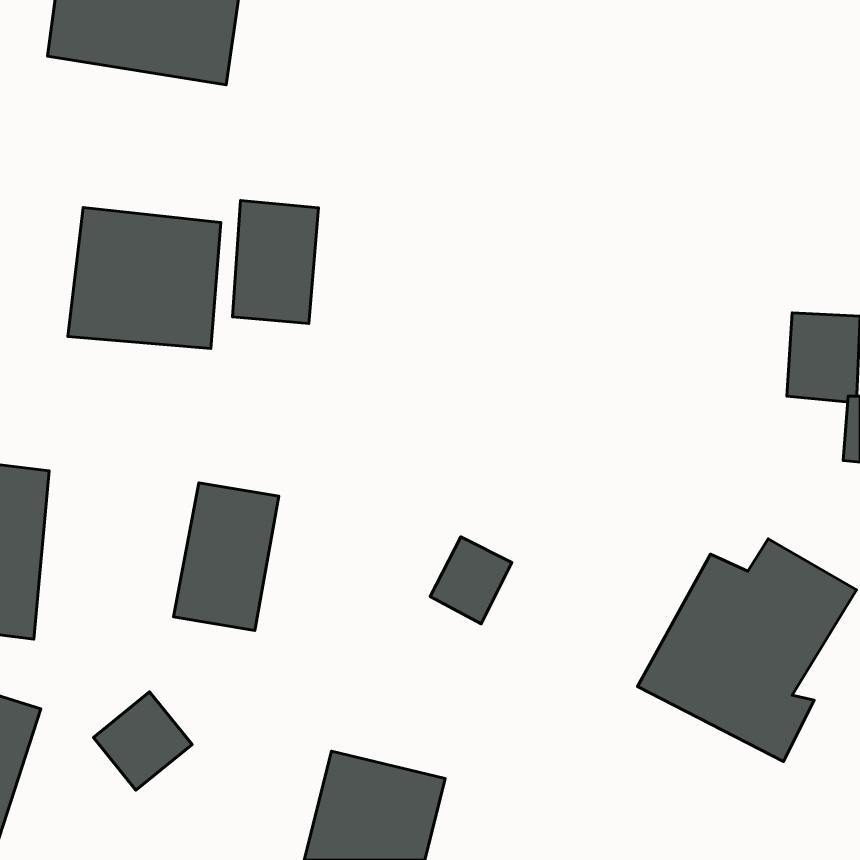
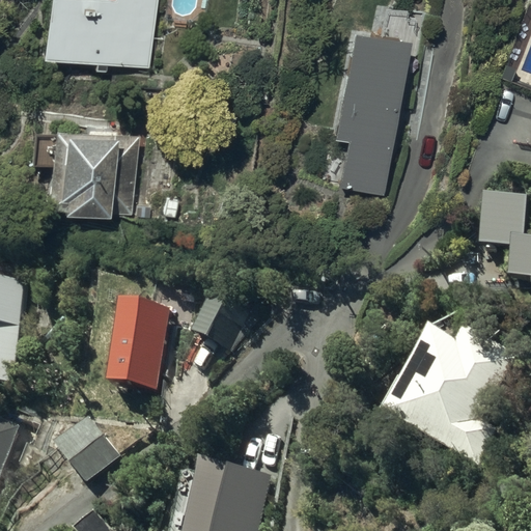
building: none -> [303,34,425,199]
building: [232,201,319,324] -> none
building: [430,537,512,624] -> [190,289,240,342]

